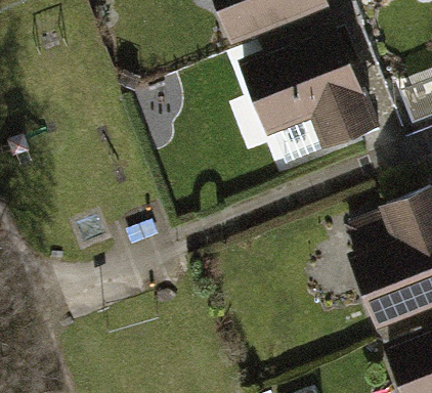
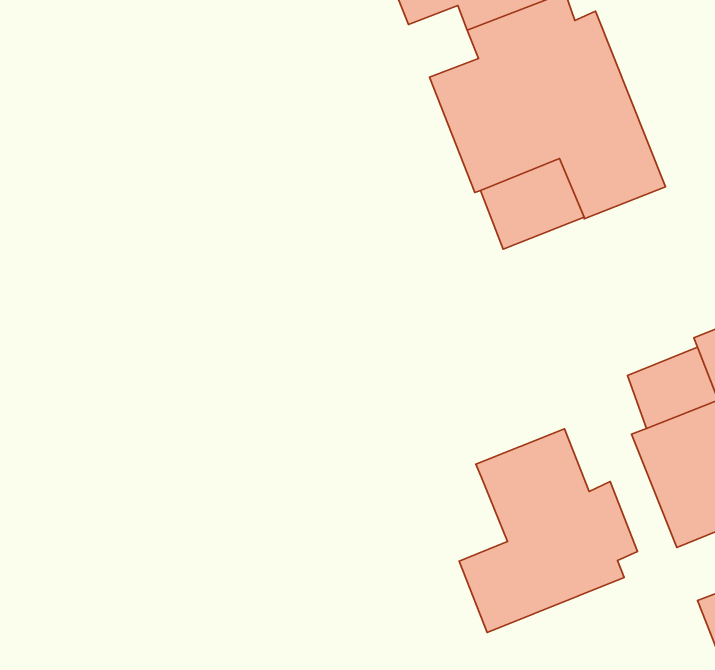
building: none -> [459,429,637,633]

